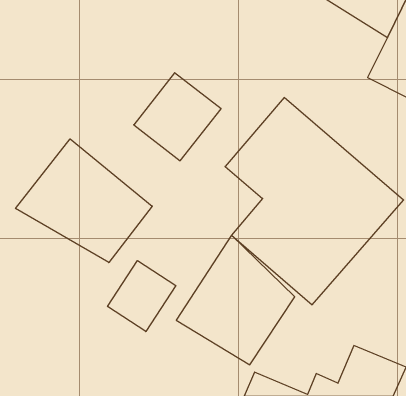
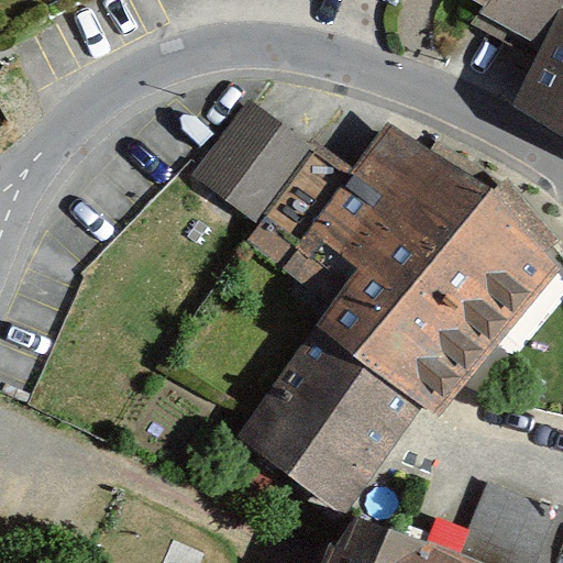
building: [16,139,152,263] -> none
building: [108,261,176,332] -> none

